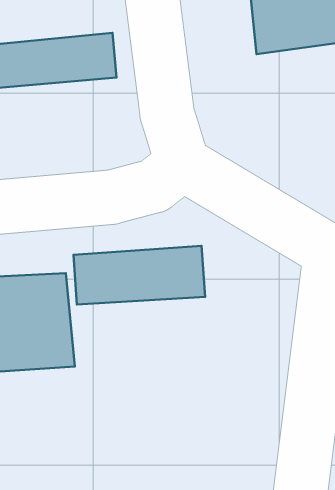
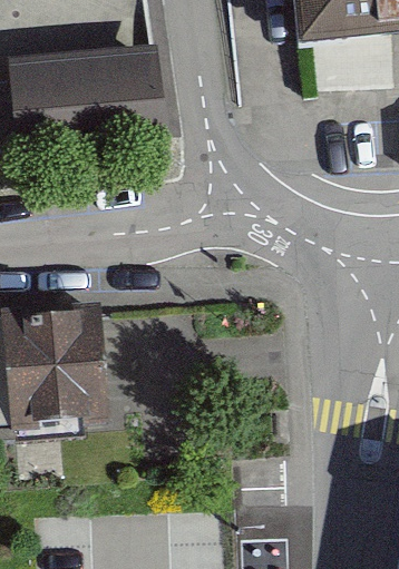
building: [74,246,205,305] -> none

